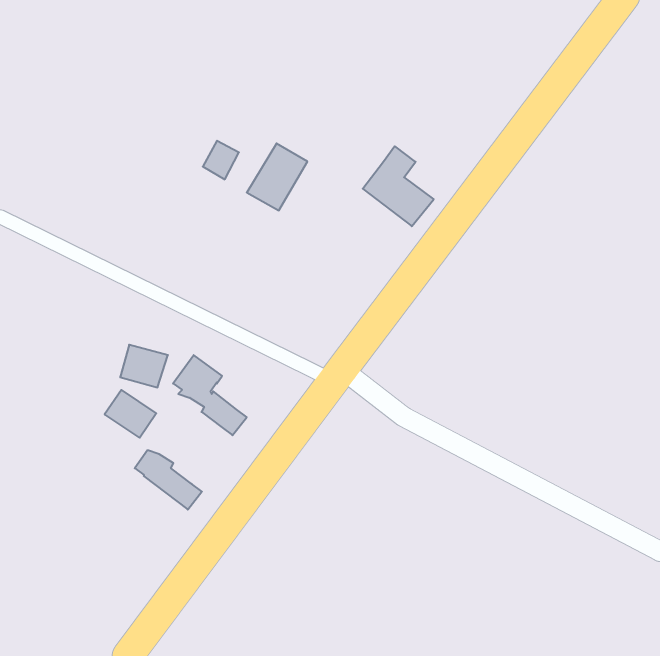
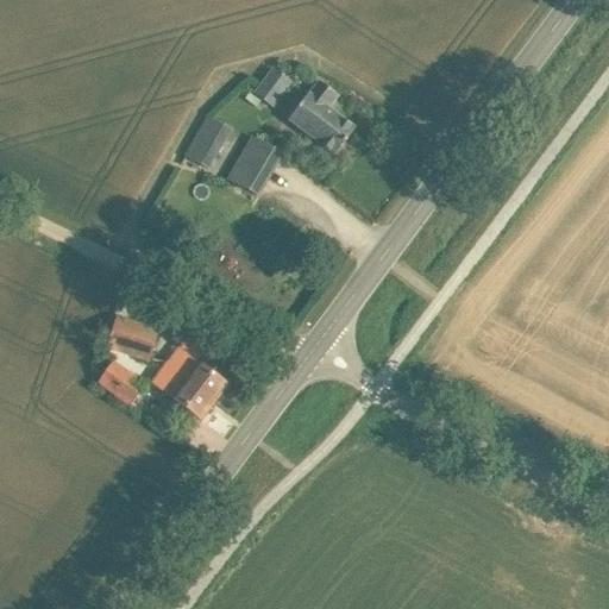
building: none -> [255,64,291,102]
building: [363,146,434,226] -> [289,77,354,151]
building: [135,450,202,510] -> [152,363,214,417]

